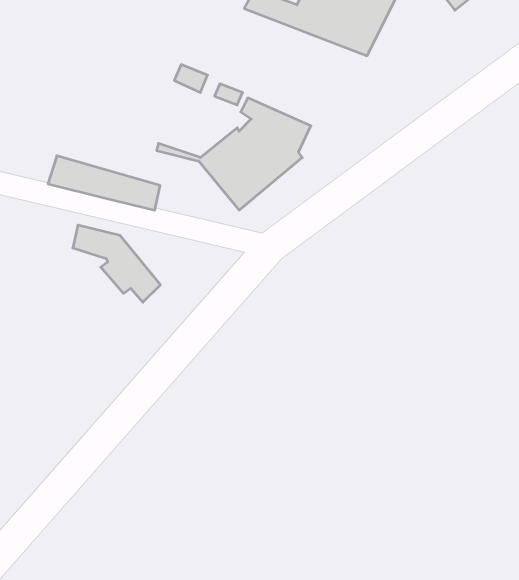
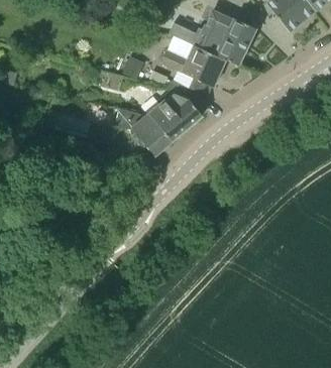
building: none -> [159,44,224,98]
building: [73,225,160,302] -> [114,112,164,156]

